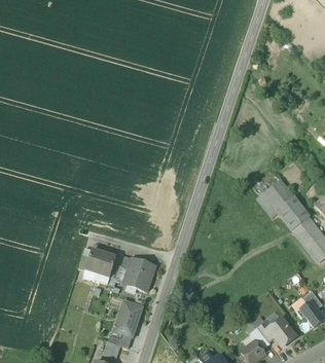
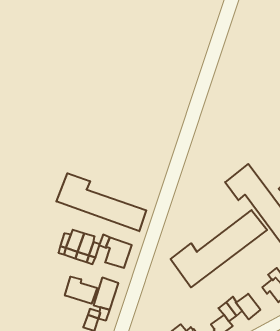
building: none -> [56,173,146,231]
building: none -> [171,210,267,287]
building: none -> [65,277,97,304]

